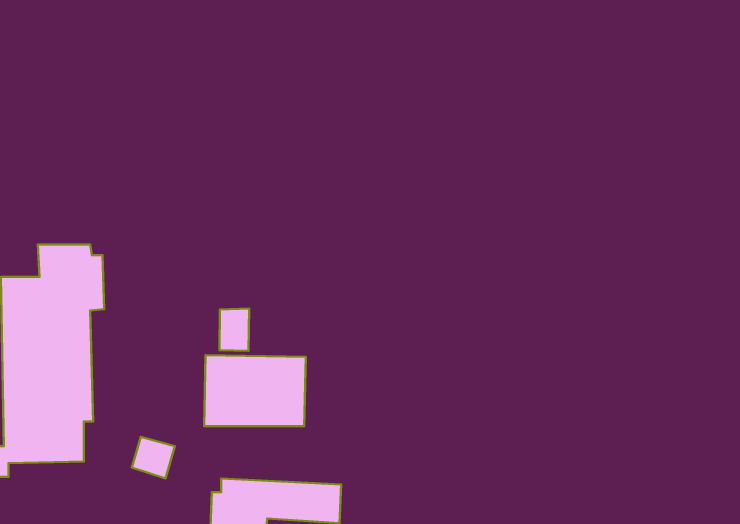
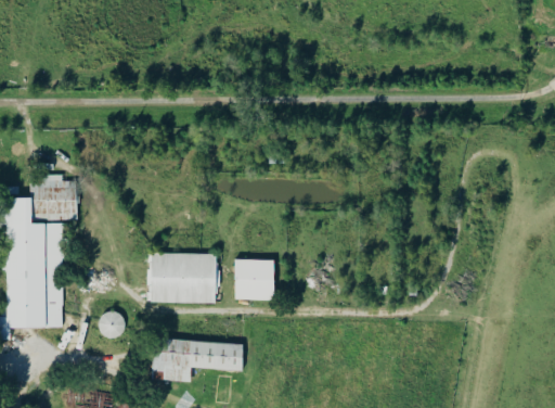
building: [219,309,249,351] -> none
building: none -> [234,259,274,299]

